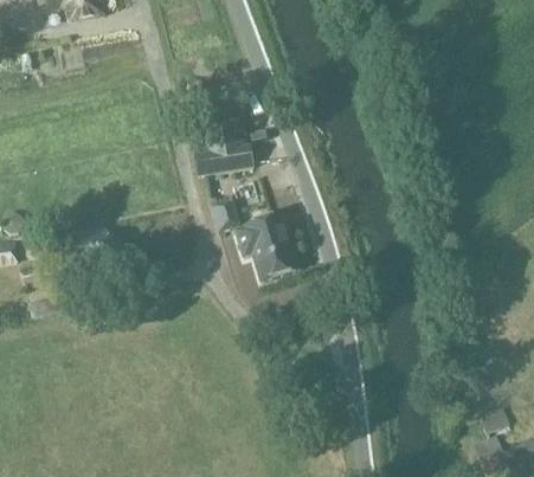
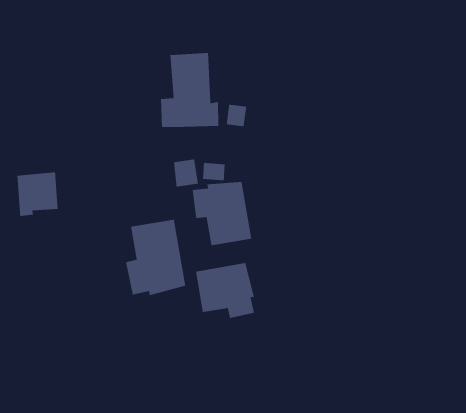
building: none -> [125,219,186,296]
building: none -> [195,262,255,319]

